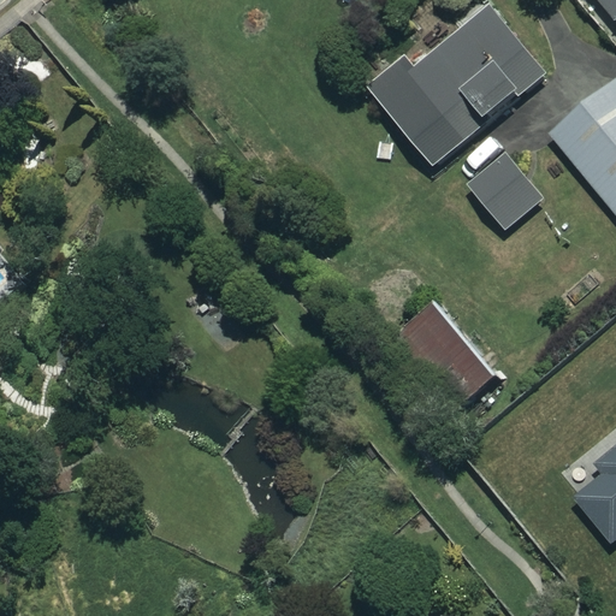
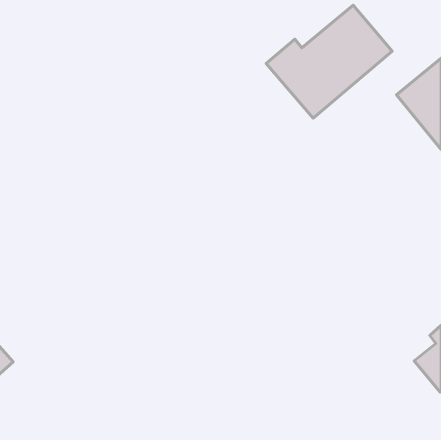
building: [468,154,540,227] -> none
building: [391,304,493,411] -> none

